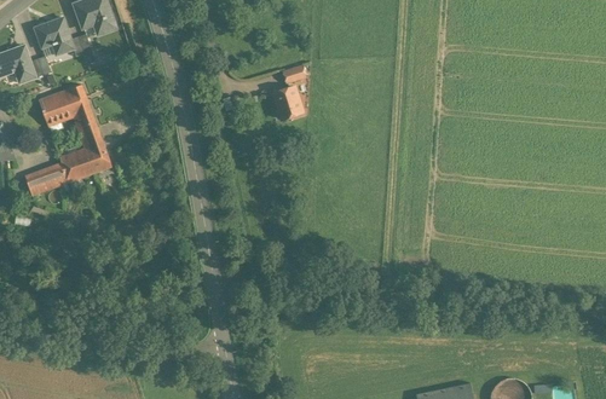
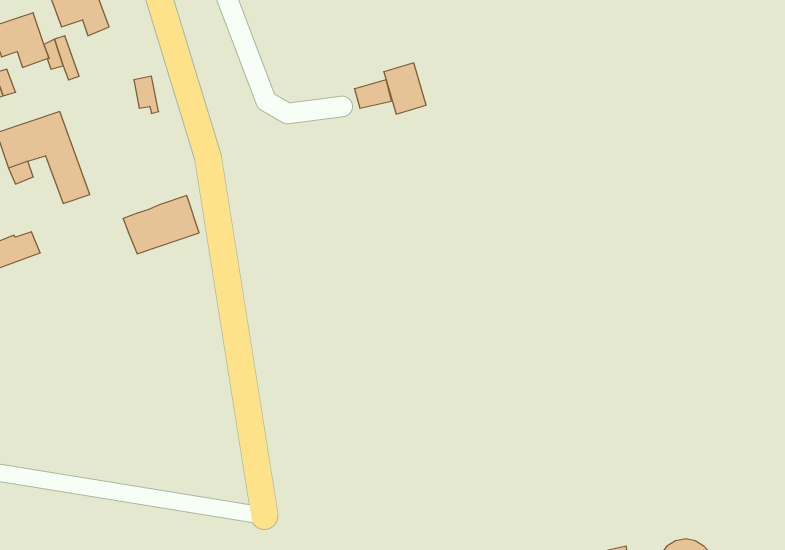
building: [277,87,306,122] -> [384,63,426,114]
building: [58,141,110,181] -> [123,196,199,254]

